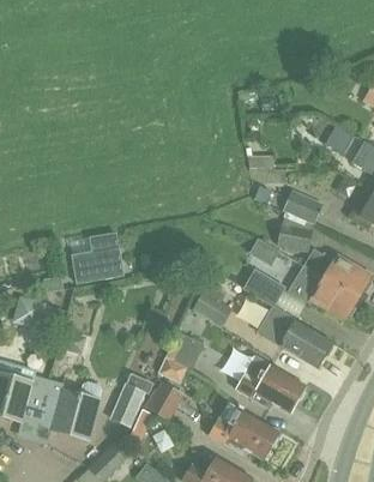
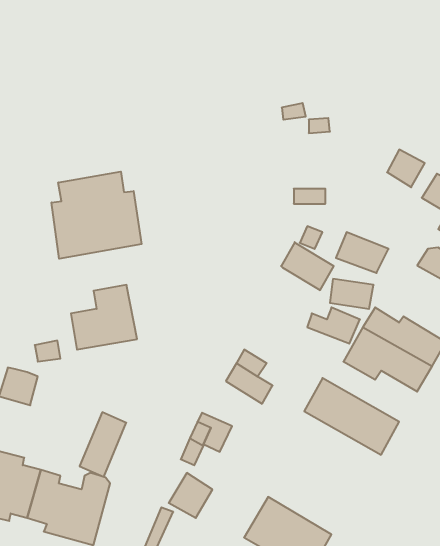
building: none -> [52,172,142,259]
building: [243,271,285,309] -> [281,242,334,290]
building: [236,359,304,412] -> none
building: [110,375,147,427] -> [80,412,126,477]

